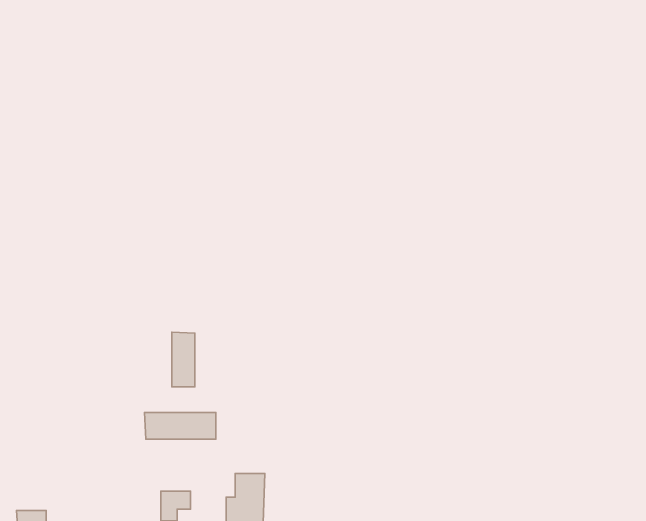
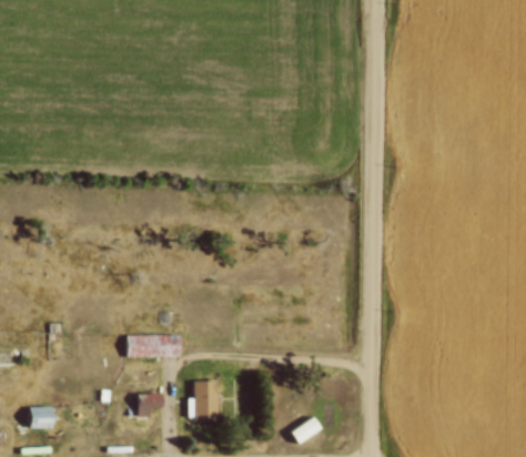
building: [172,332,195,387] -> none

